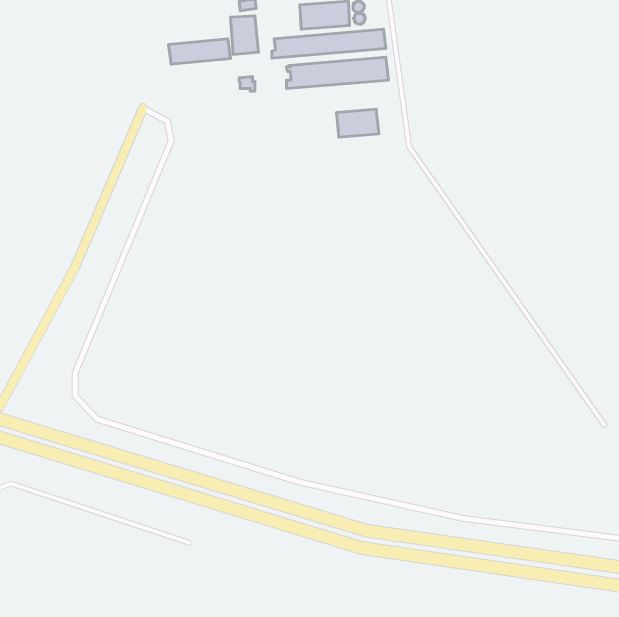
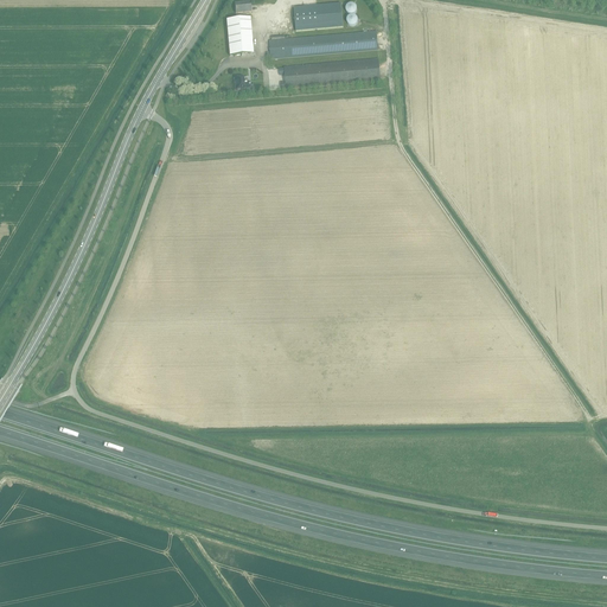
building: [169,39,231,64] -> none
building: [336,109,379,137] -> none

